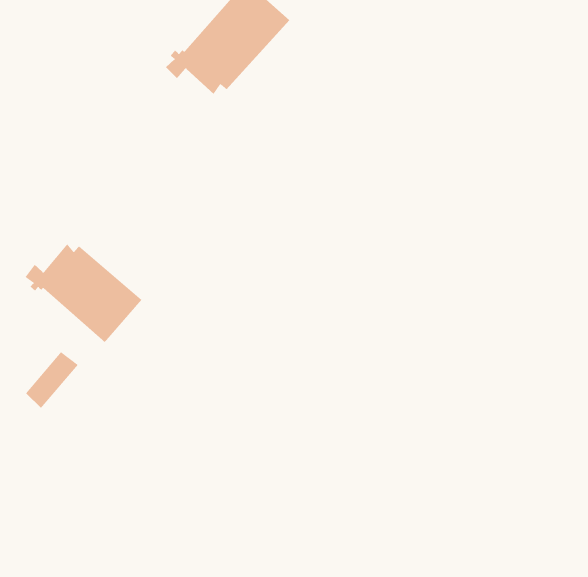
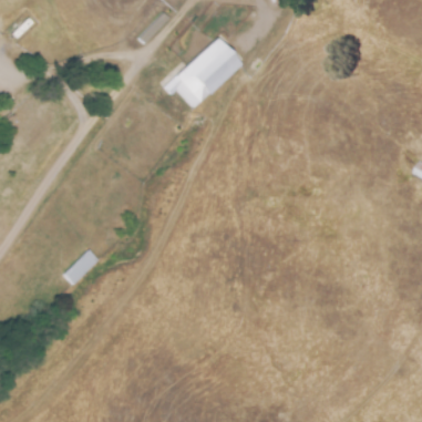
building: [24,243,143,343] -> none

